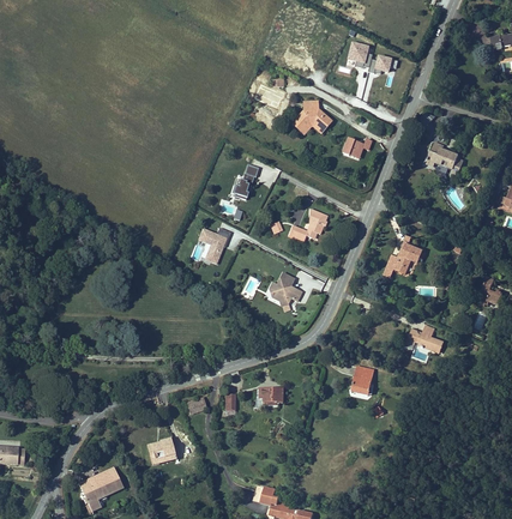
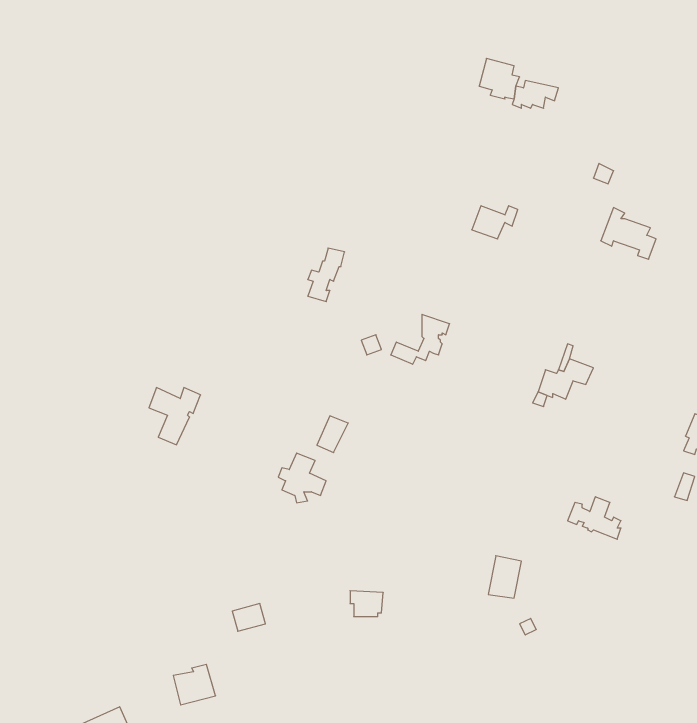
building: [290,101,333,137] -> none
building: [198,228,231,265] -> [149,388,201,445]
building: [271,276,302,308] -> [278,453,326,503]

